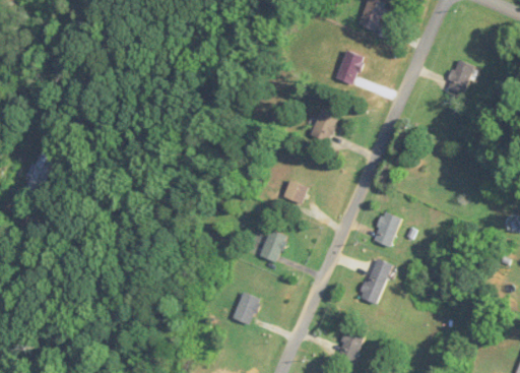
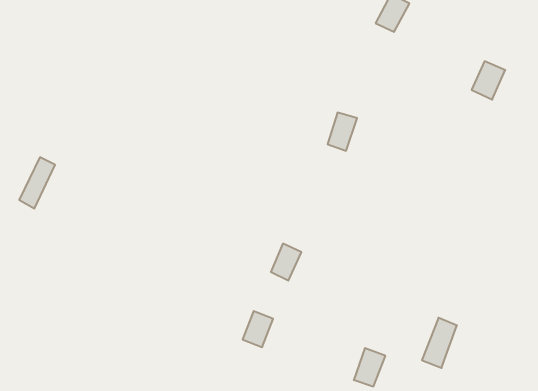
building: [334,51,363,86] -> none
building: [281,180,306,204] -> none
building: [371,210,401,247] -> none
building: [359,257,391,304] -> [422,318,457,368]

